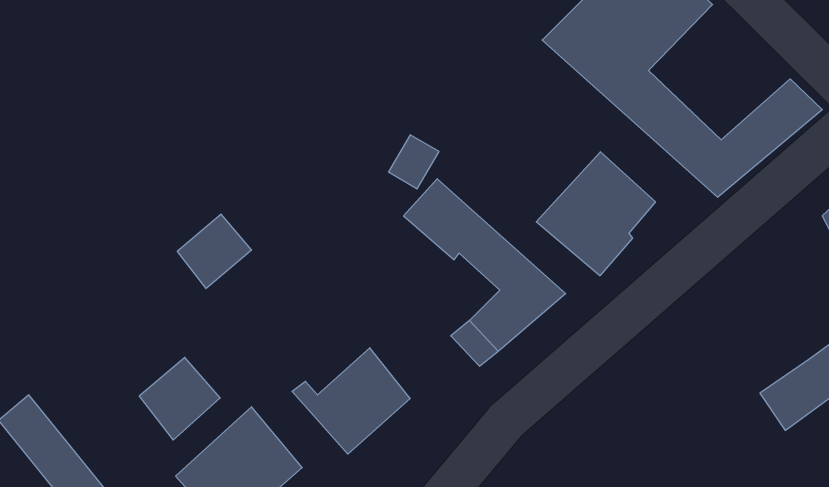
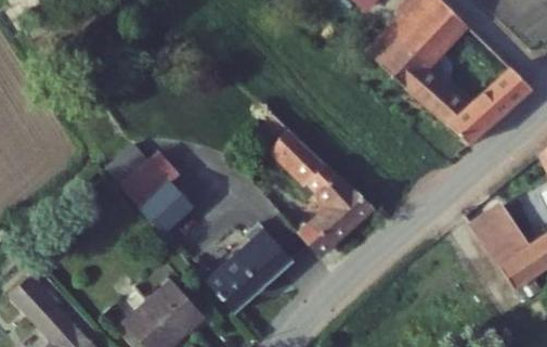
building: [536,152,655,276] -> none
building: none -> [469,207,530,272]
building: none -> [245,222,292,275]
building: [139,357,220,440] -> [143,180,195,233]

